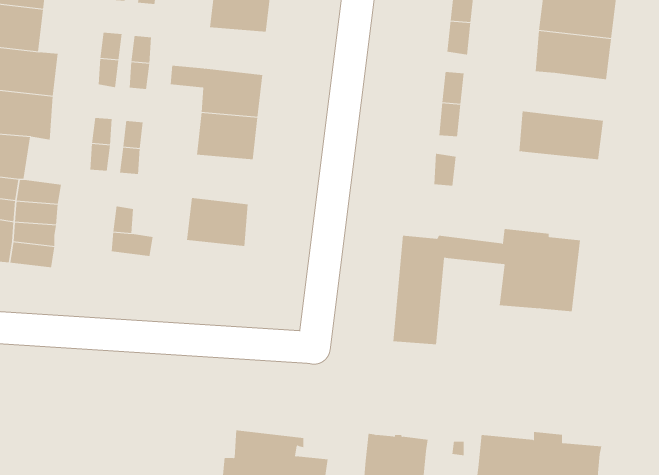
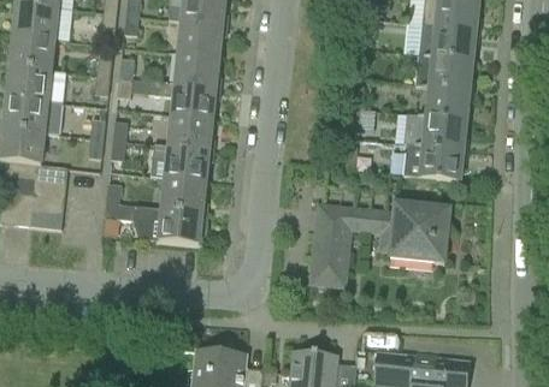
building: none -> [172,52,218,87]
building: none -> [426,85,468,120]
building: none -> [149,143,208,181]
building: none -> [402,143,462,180]
building: none -> [143,206,208,245]

